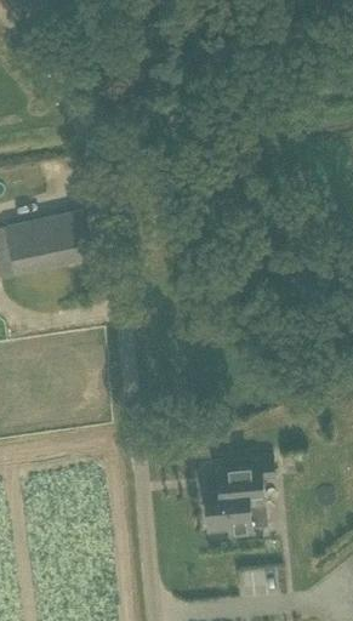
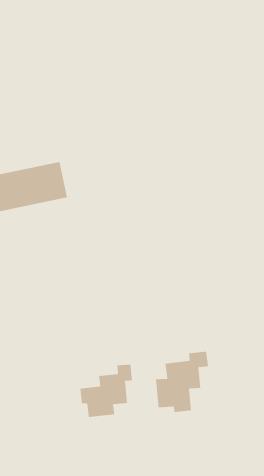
building: none -> [80,364,133,418]

